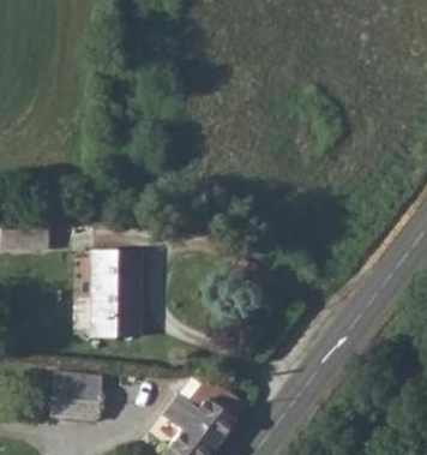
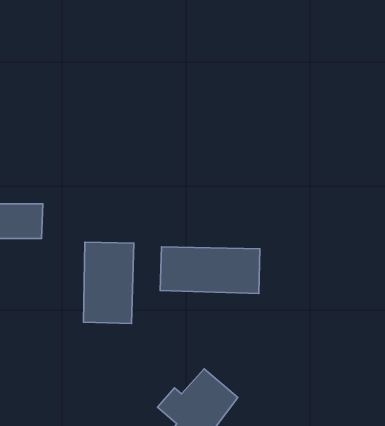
building: none -> [160,247,260,294]
building: [53,384,102,420] -> none

